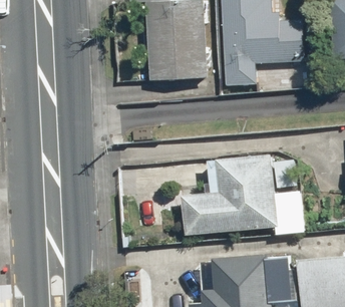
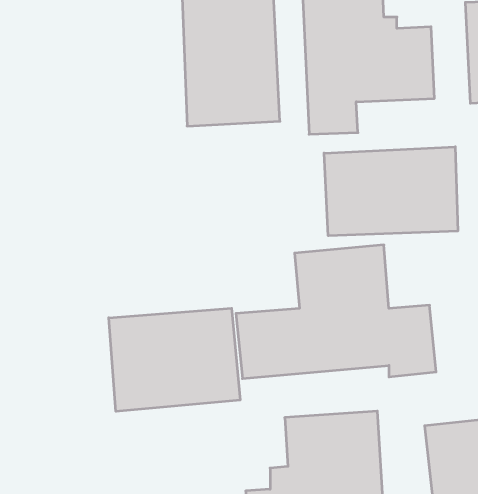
building: none -> [324,147,458,236]
building: none -> [109,308,240,411]

